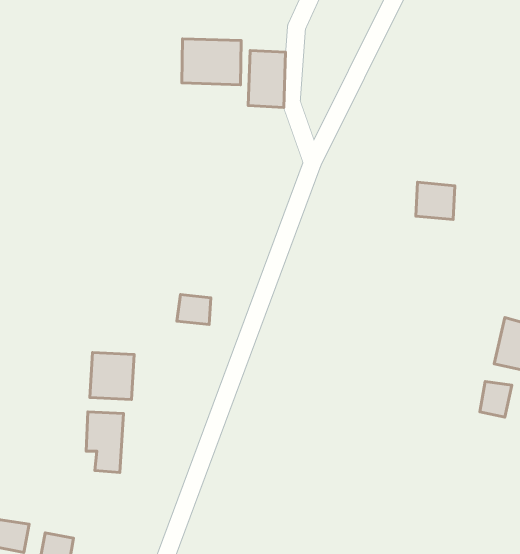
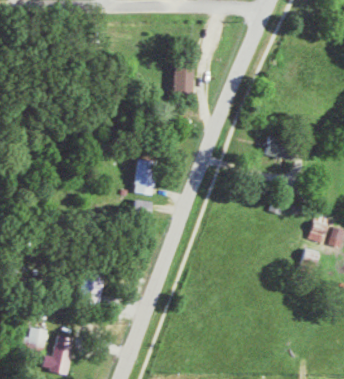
building: [182,39,241,85] -> none
building: none -> [133,161,155,196]
building: [90,353,134,399] -> none

